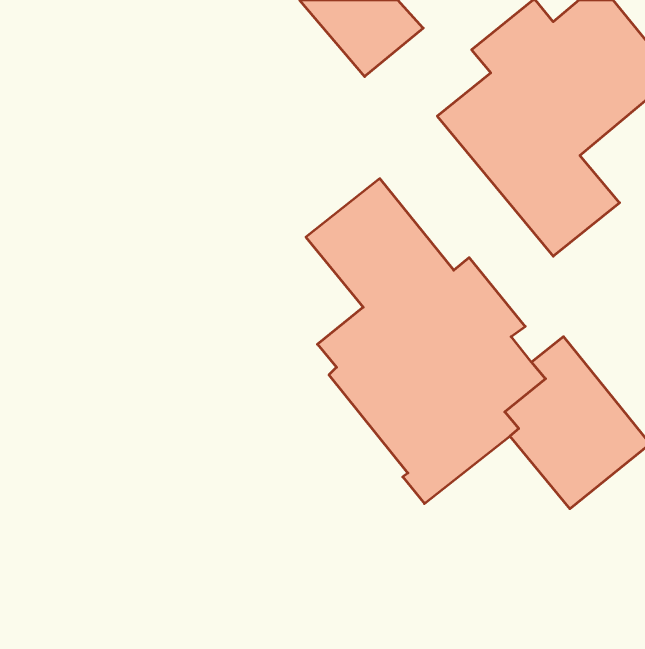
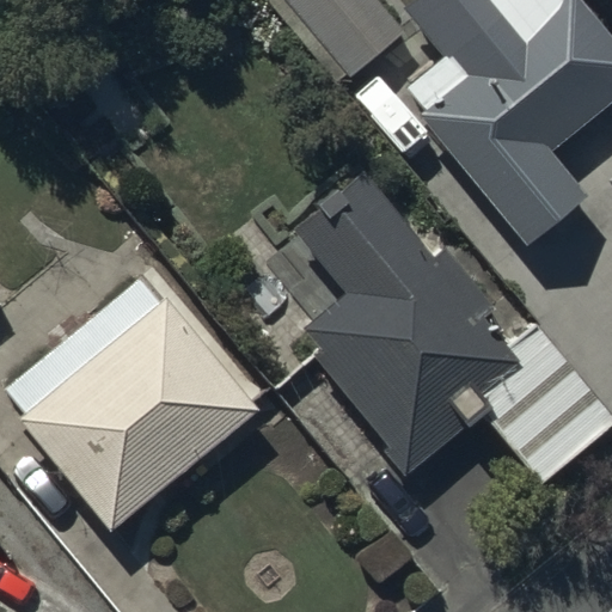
building: none -> [16,293,257,527]

